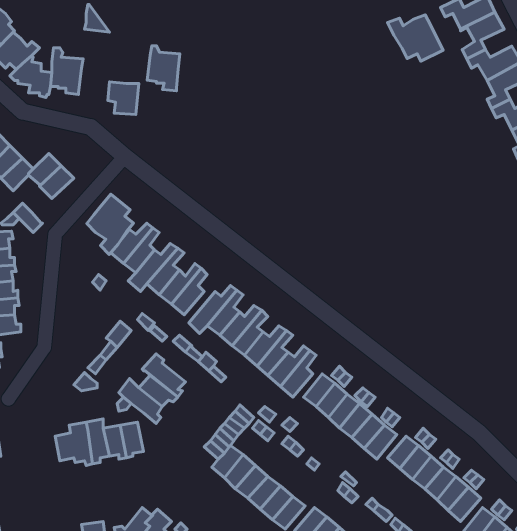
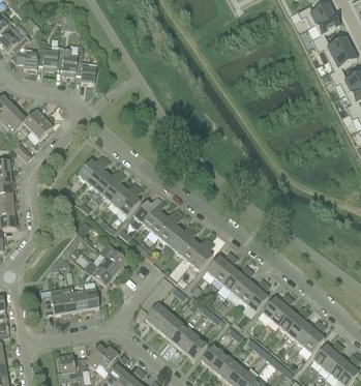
building: [388,15,443,61] -> none
building: [147,46,180,91] -> [56,44,78,75]
building: [87,194,133,255] -> none

